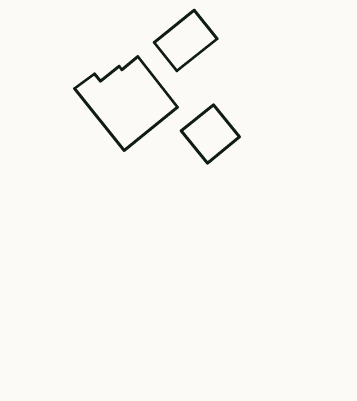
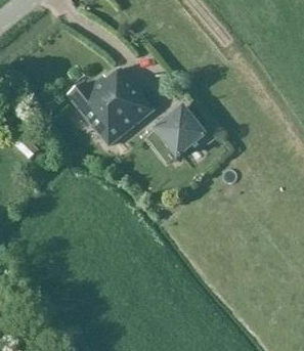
building: [154,10,217,71] -> none

